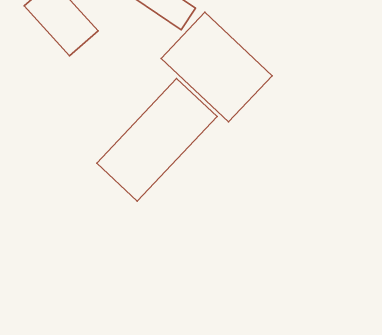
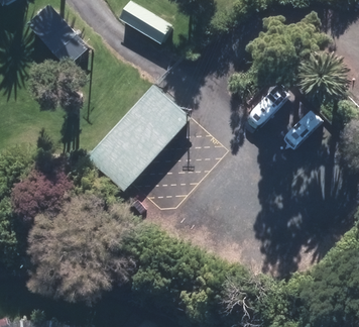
building: [161,12,272,122] -> none

